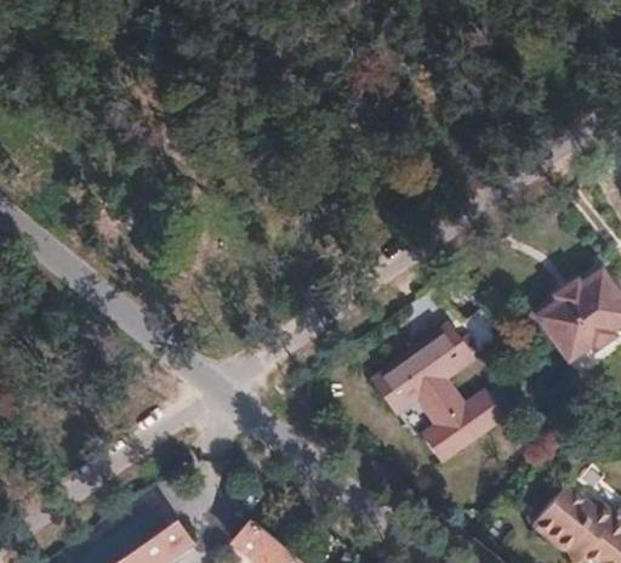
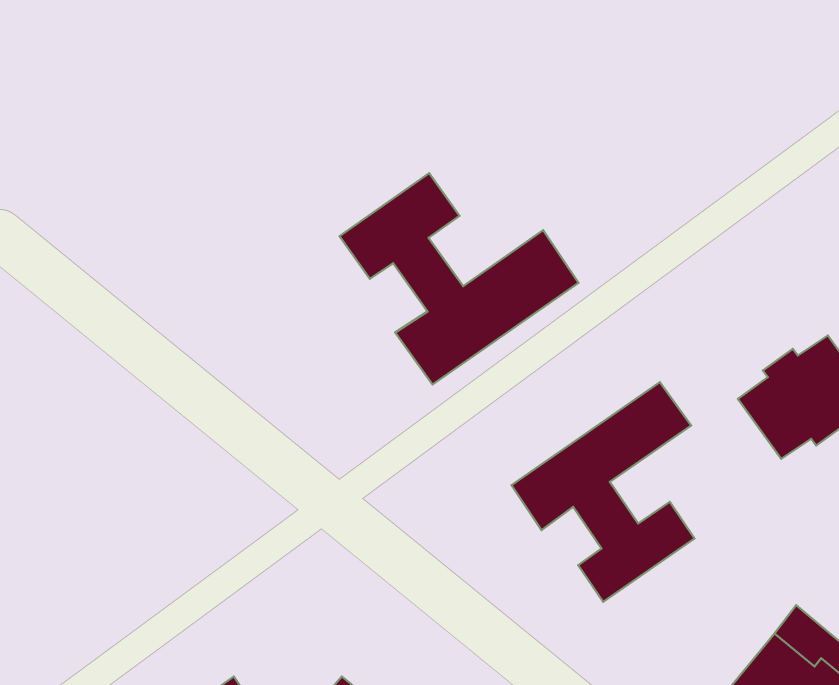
building: none -> [339,173,578,384]

